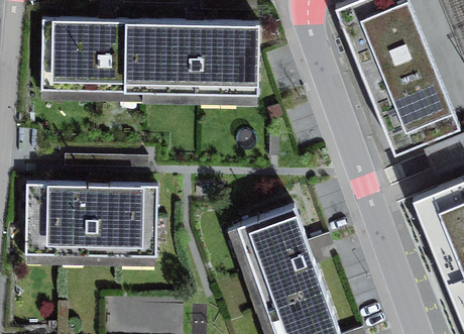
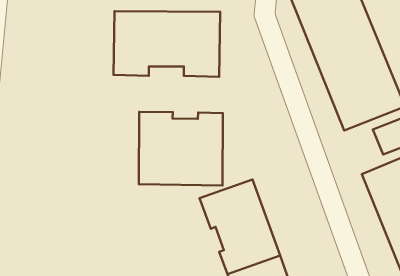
building: [40,21,143,93] -> none
building: none -> [139,112,223,186]
building: [24,185,156,256] -> none

